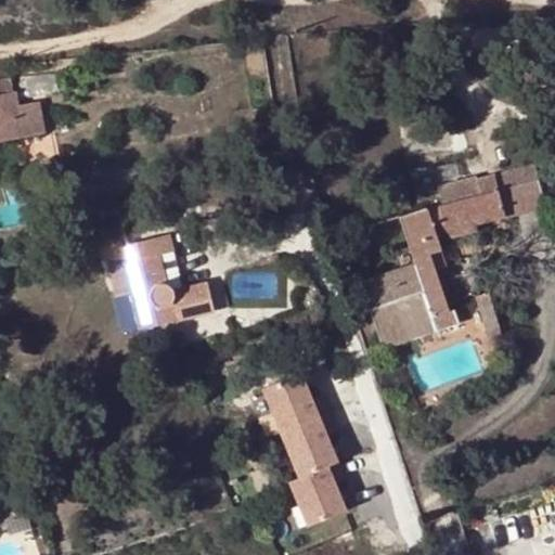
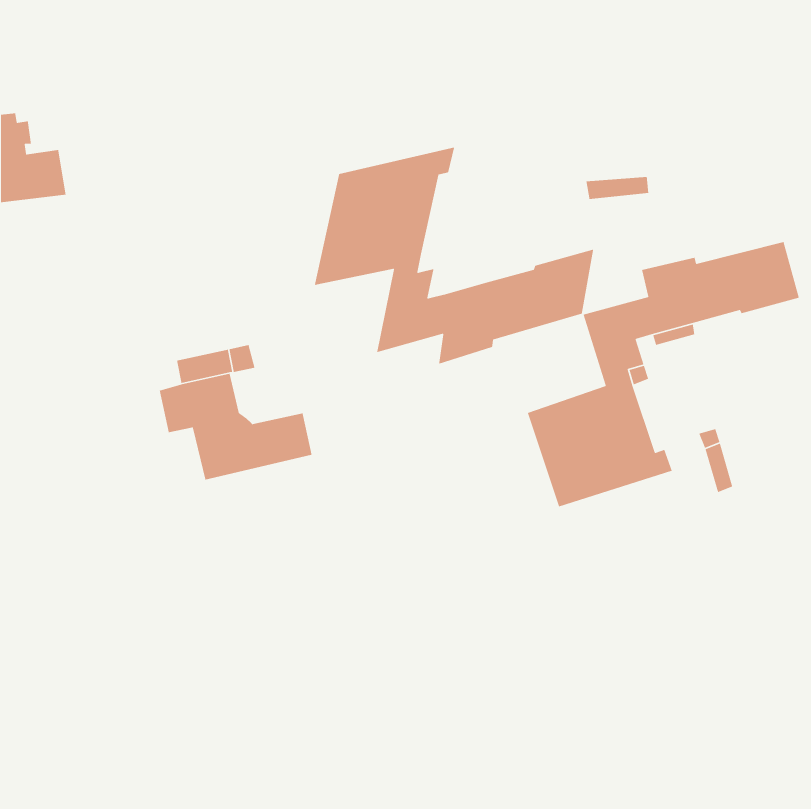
building: none -> [314,146,594,365]
building: [264,377,346,529] -> none

